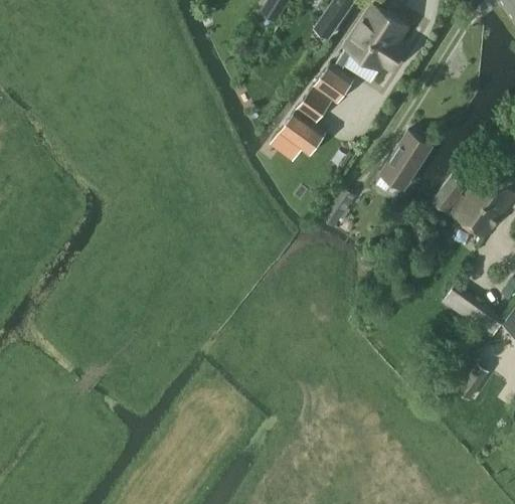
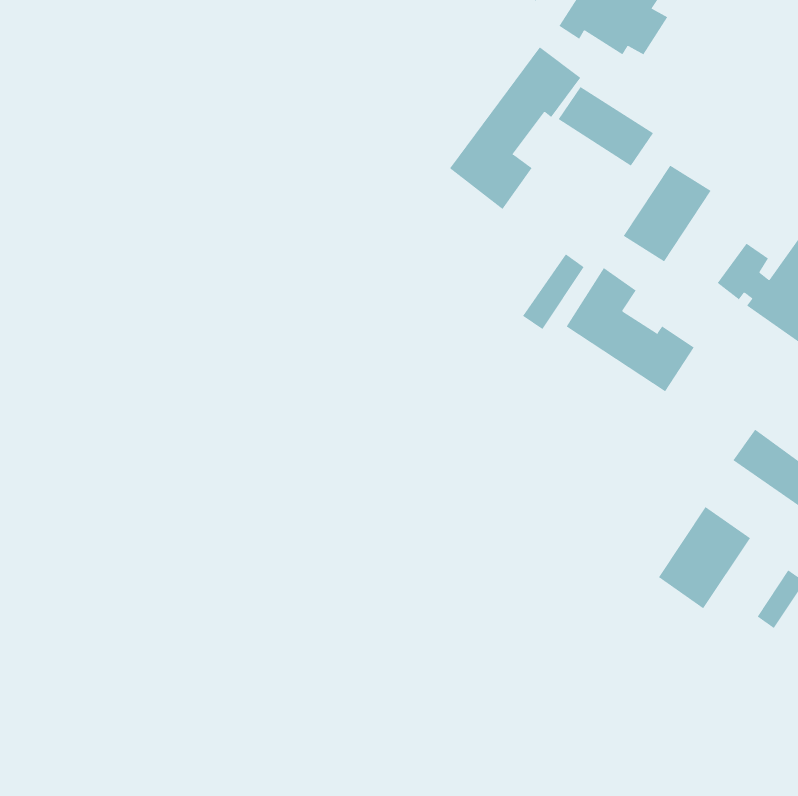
building: none -> [558,86,654,166]
building: none -> [566,267,695,392]
building: none -> [658,506,751,609]

